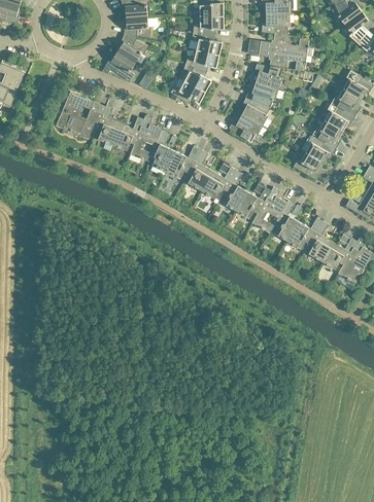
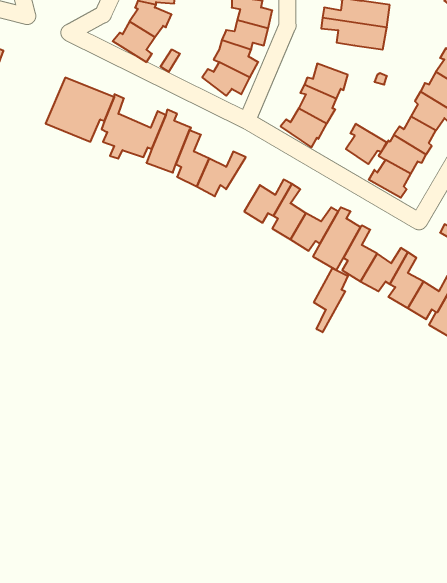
building: [251,64,282,89] -> none
building: none -> [346,124,386,164]
building: [186,150,212,190] -> none
building: none -> [314,268,348,332]

